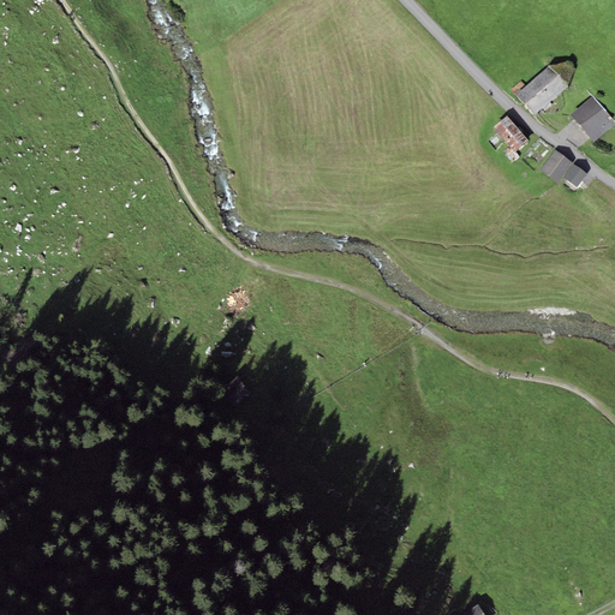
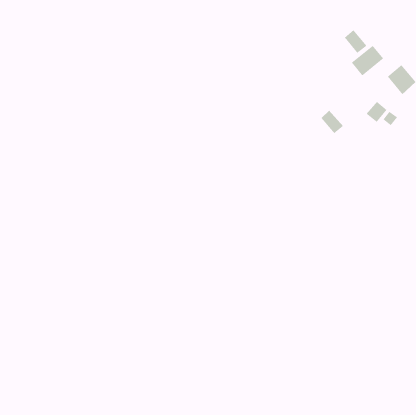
building: none -> [344,29,368,54]
building: [494,115,529,151] -> [320,110,344,134]

